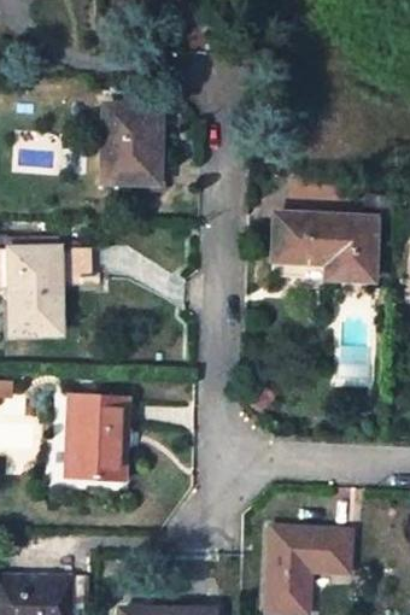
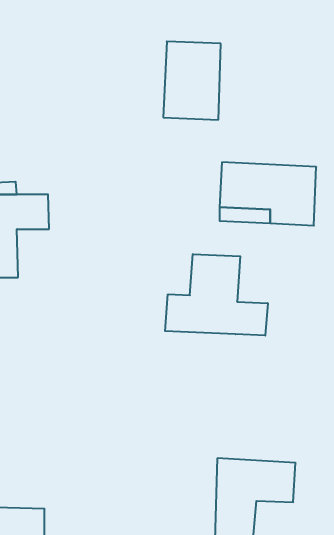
building: [100,104,160,186] -> [163,41,221,120]
building: none -> [165,254,268,336]
building: [66,394,128,480] -> none

